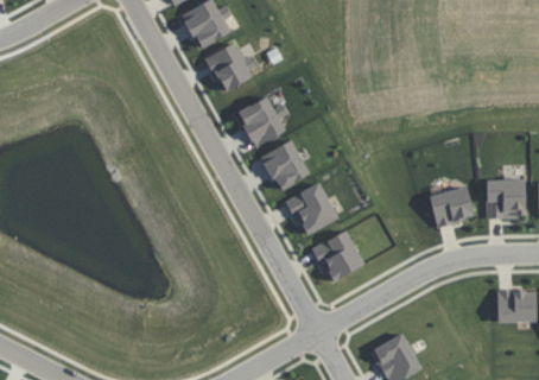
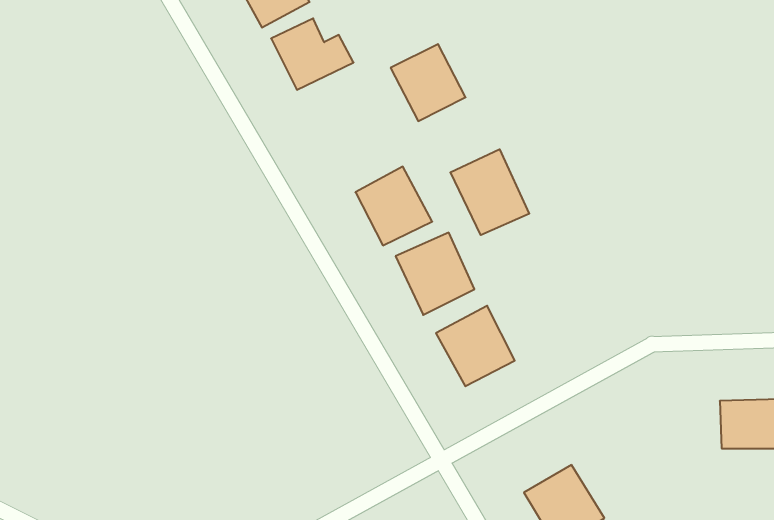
building: [236,97,285,147] -> [391,44,466,121]
building: none -> [450,149,529,235]
building: [486,179,526,218] -> none
building: [429,186,474,227] -> none

